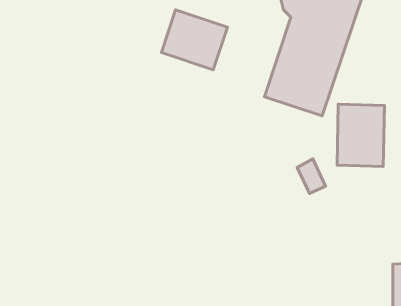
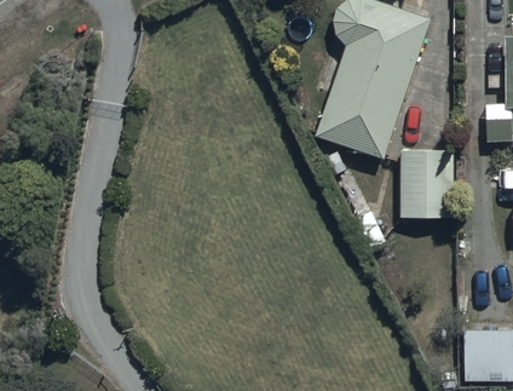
building: [162,10,227,70] -> none

